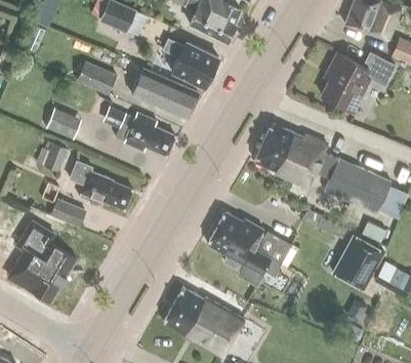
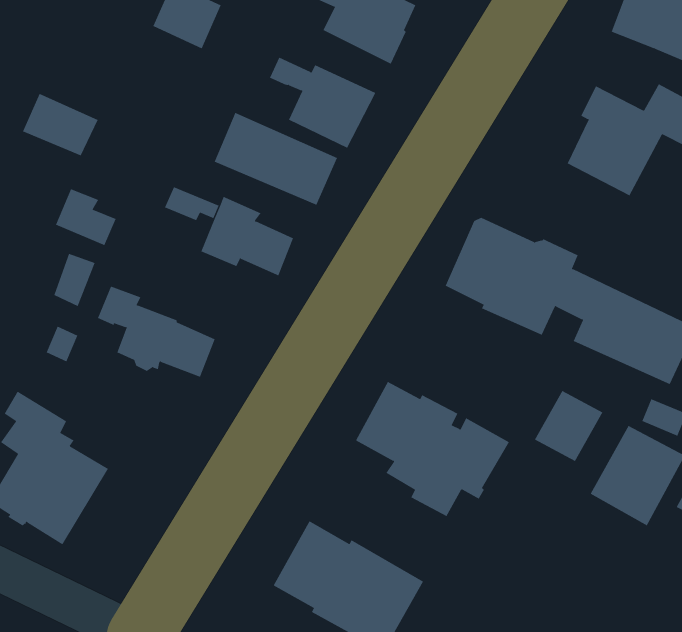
building: [75,59,116,93] -> [22,93,98,156]
building: [49,197,86,227] -> none
building: none -> [534,390,603,462]

